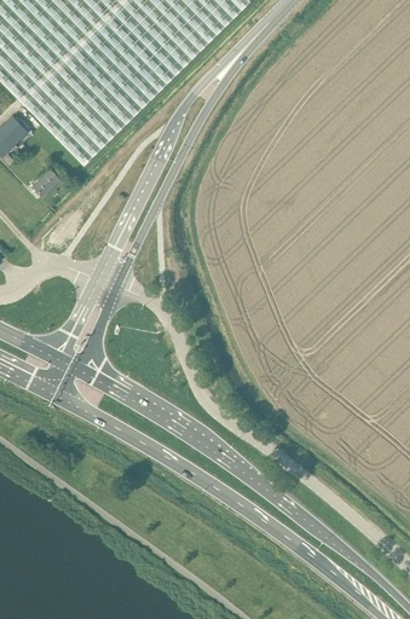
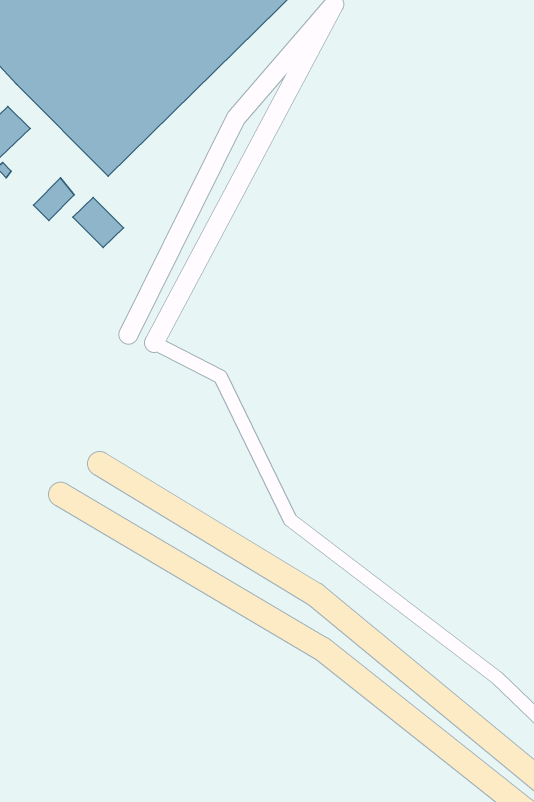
building: none -> [73,198,123,248]

